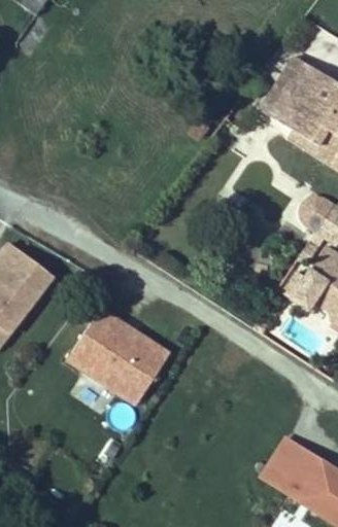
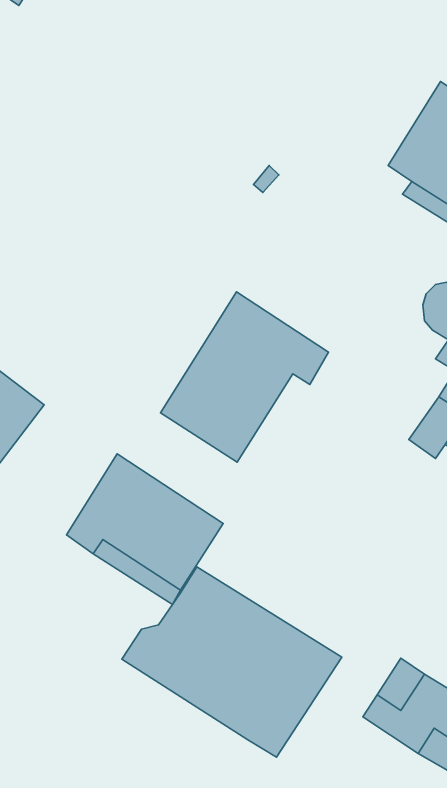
building: [259,54,311,119] -> none
building: none -> [160,292,328,462]
building: none -> [122,567,342,757]

